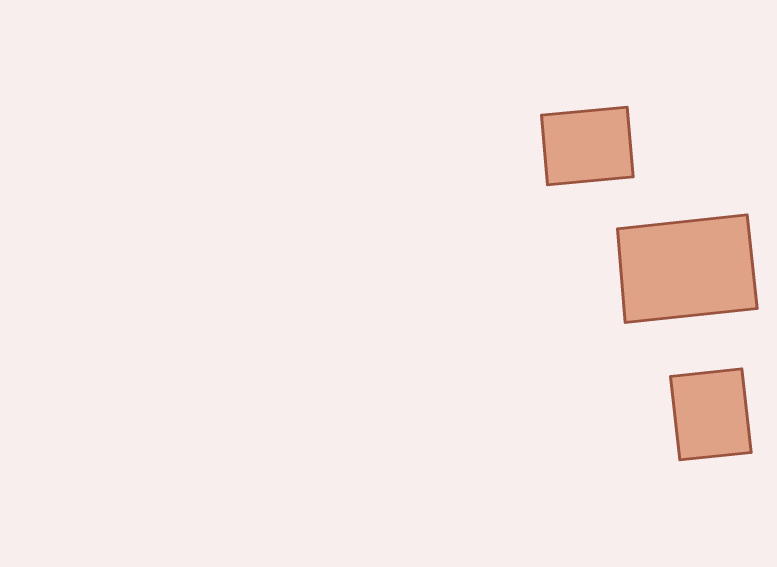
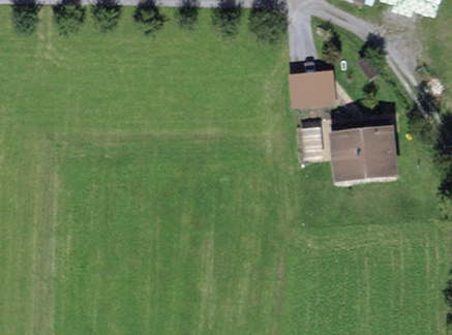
building: [671,369,751,460] -> none

